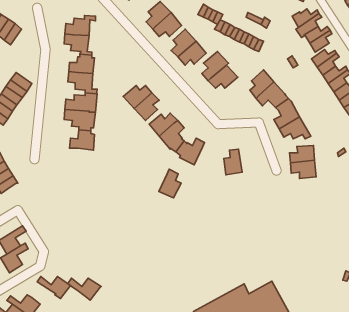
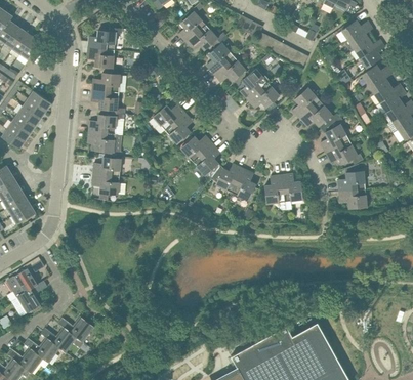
building: none -> [281,173,302,201]
building: none -> [92,174,120,200]
building: [159,169,181,198] -> [232,168,256,200]
building: [68,278,101,300] -> [41,327,78,351]

